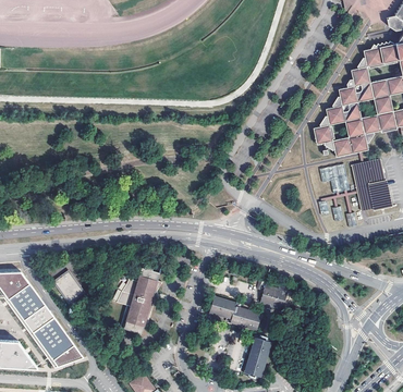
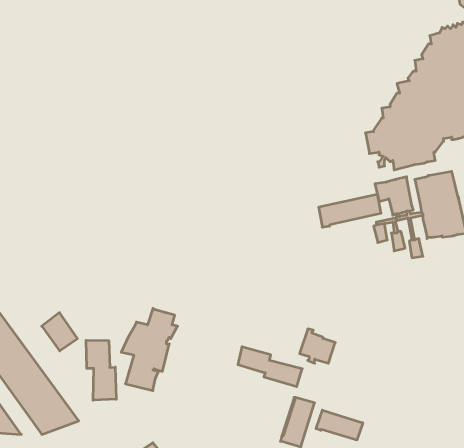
building: none -> [319,194,381,227]
building: none -> [86,340,116,400]
building: none -> [316,410,363,440]

